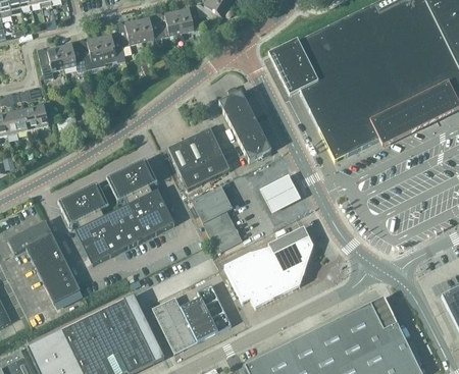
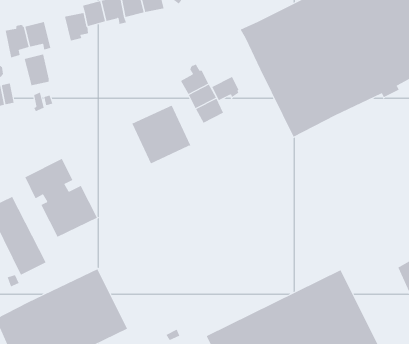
building: [79,36,105,68] -> [24,54,50,86]
building: [242,135,270,160] -> [212,76,239,101]
building: [106,158,174,243] -> none
building: [260,174,301,212] -> none
building: [192,184,242,251] -> none
building: [224,225,313,306] -> none
building: [152,283,232,353] -> none

